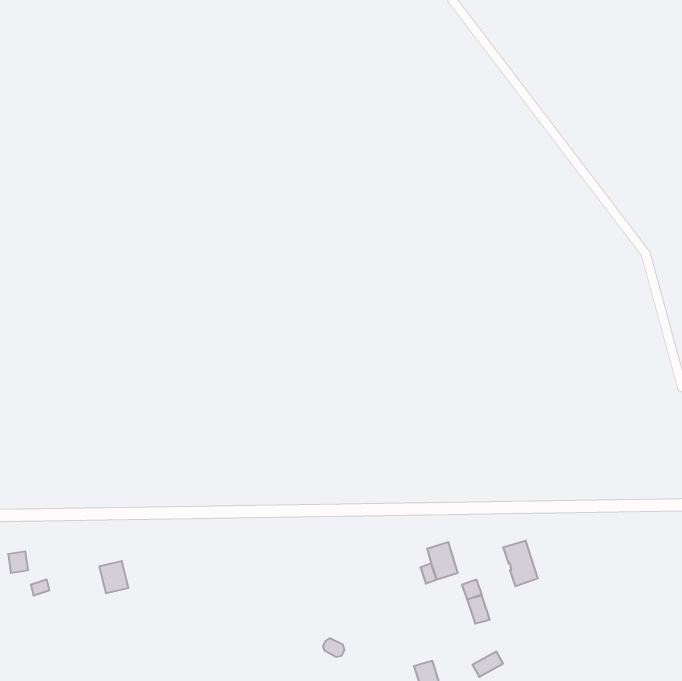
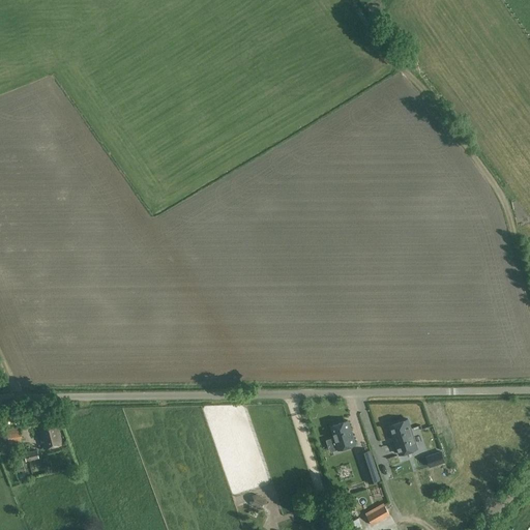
building: [99,561,129,593] -> [38,424,61,449]

